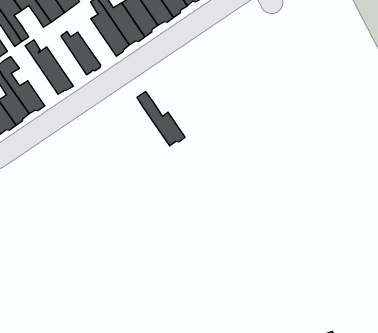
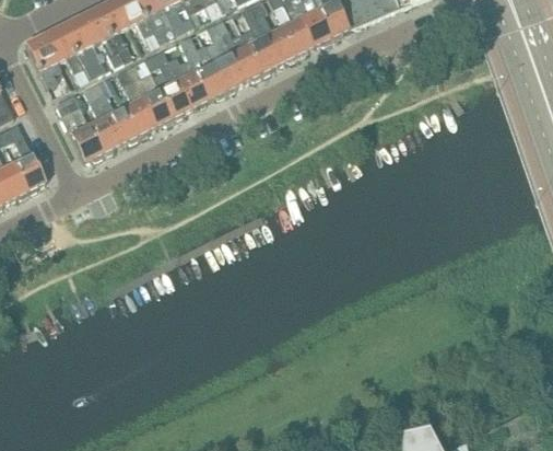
building: none -> [143,48,190,118]
building: none -> [117,66,155,136]
building: [137,92,185,146] -> [178,34,226,99]

